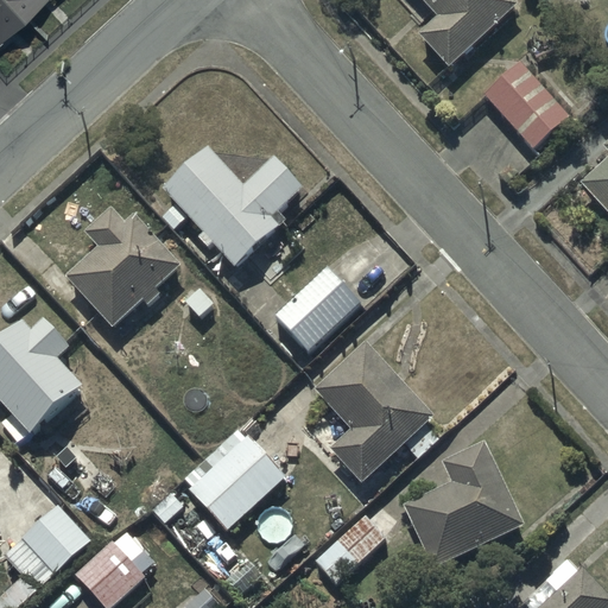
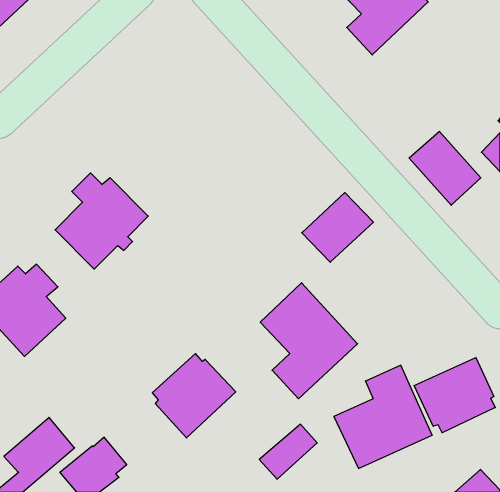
building: [482,59,569,148] -> [409,132,481,205]
building: [160,147,302,266] -> none
building: [274,266,361,350] -> [302,193,373,262]
building: none -> [414,358,495,433]

